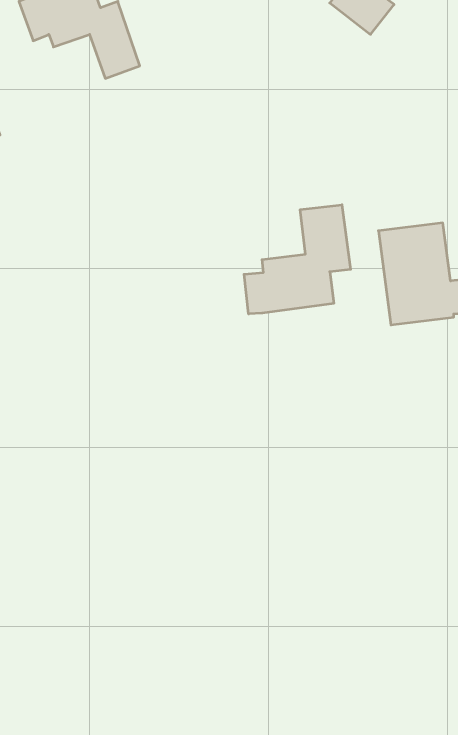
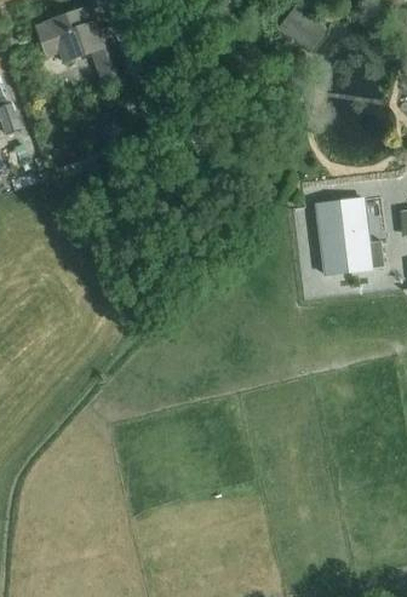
building: [244,205,351,314] -> none

